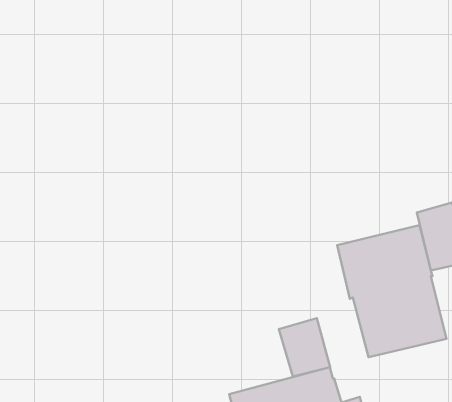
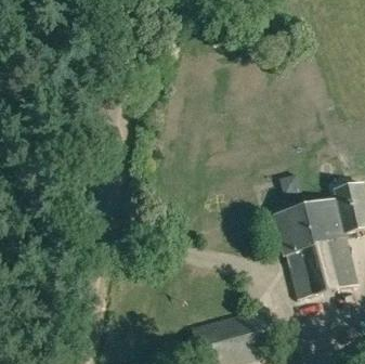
building: [279,318,330,376] -> none

